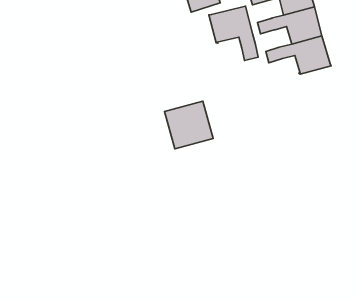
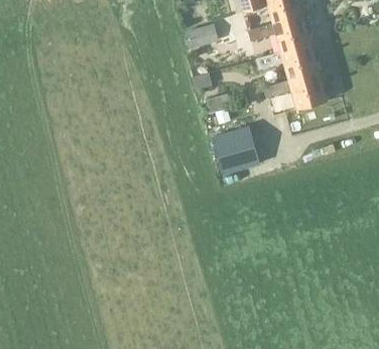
building: [209,6,258,61] -> none
building: [164,101,213,149] -> [212,126,259,172]

